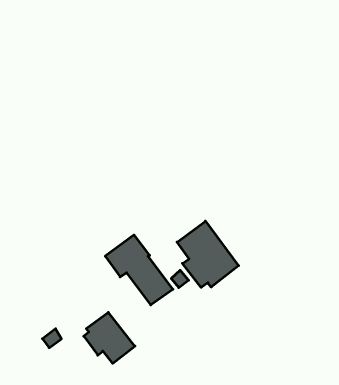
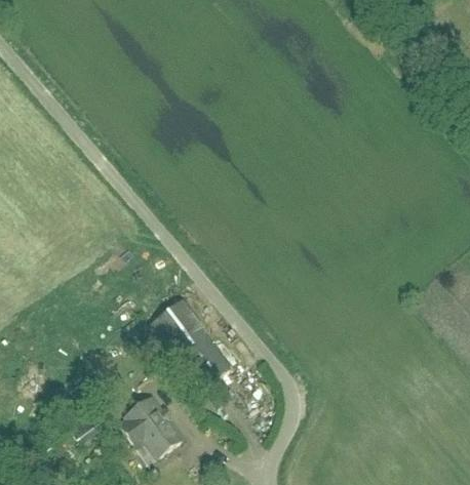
building: [177,221,239,287] -> none

